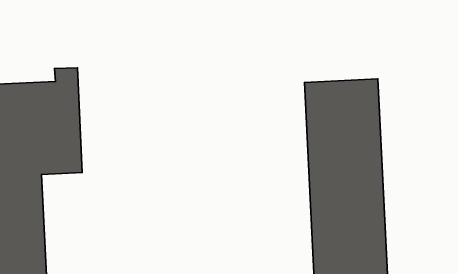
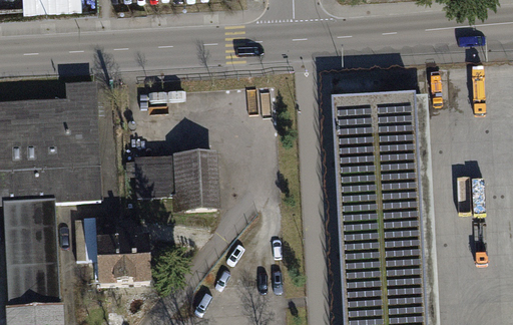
building: none -> [130,153,219,216]
building: none -> [74,217,150,291]

